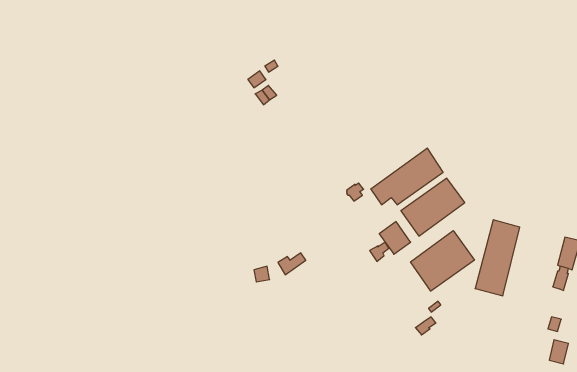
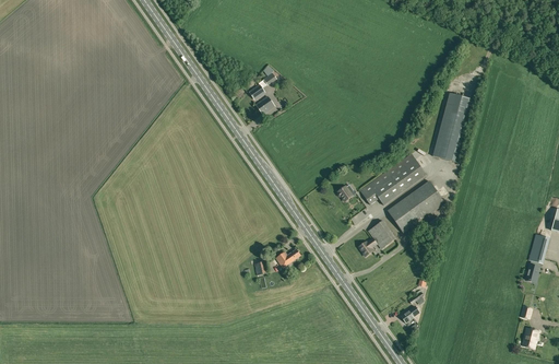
building: [475,220,520,296] -> [431,93,472,162]
building: [411,231,474,291] -> none

